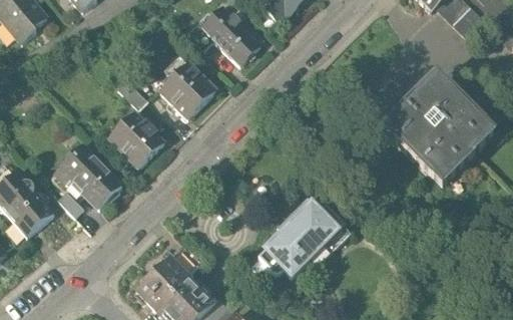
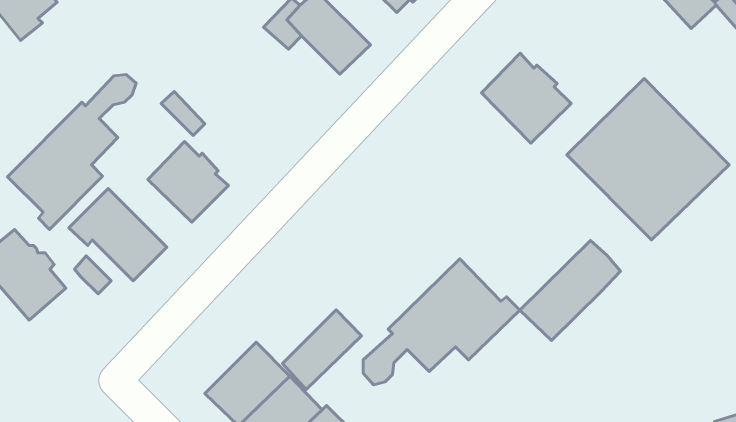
building: none -> [481,53,571,143]
building: [156,63,212,118] -> none
building: none -> [7,75,136,229]
building: none -> [520,240,621,340]
building: none -> [282,310,361,390]

